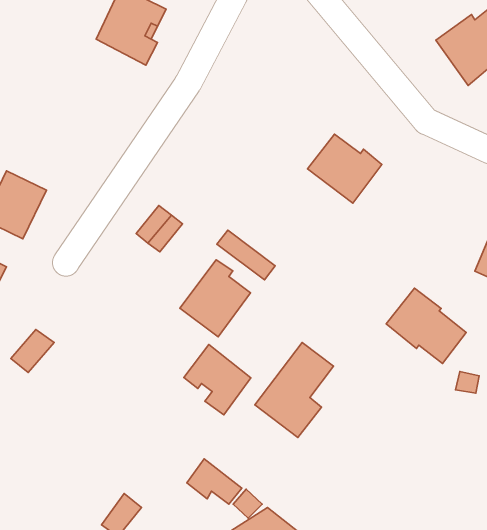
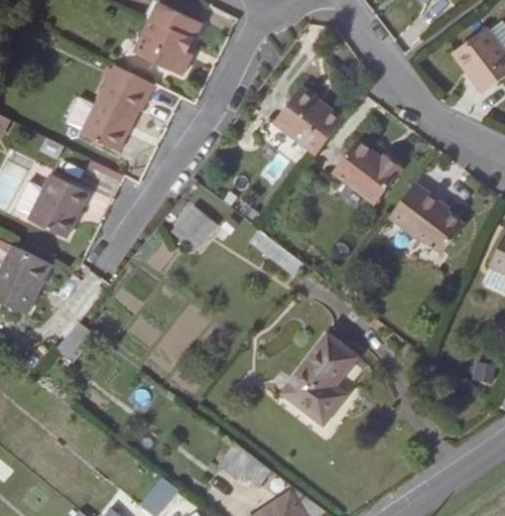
building: none -> [81,66,155,151]
building: none -> [274,88,343,154]
building: [180,260,251,337] -> none
building: [386,288,466,364] -> [389,183,464,254]
building: [184,344,251,415] -> none

